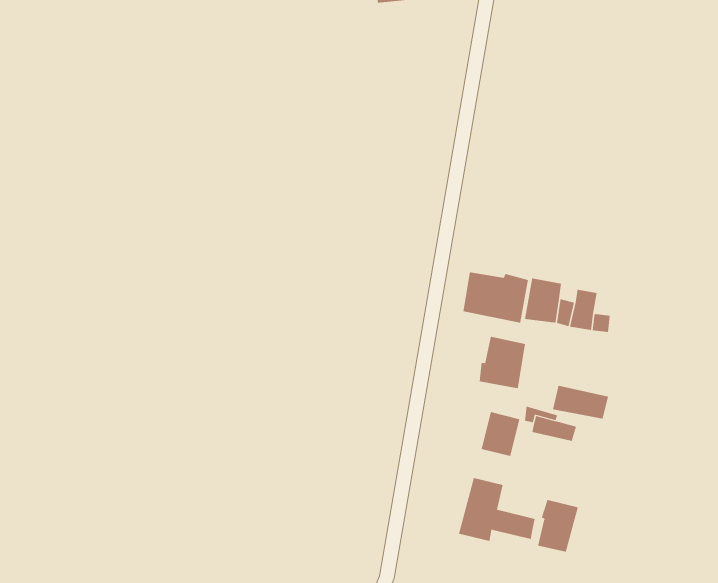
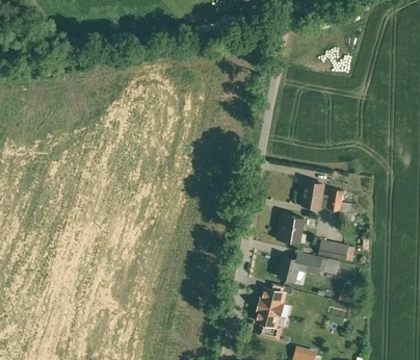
building: [463,272,529,324] -> none
building: [538,499,578,553] -> none

